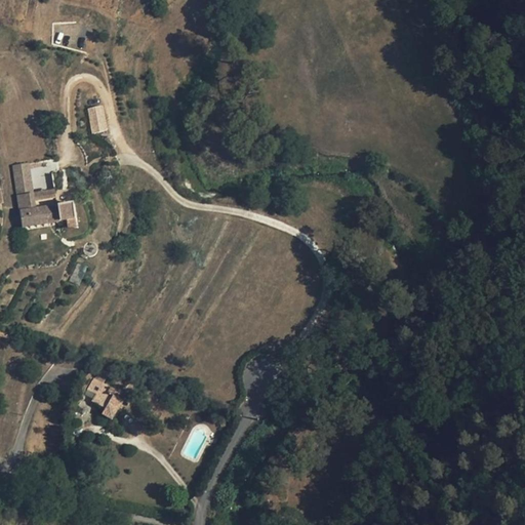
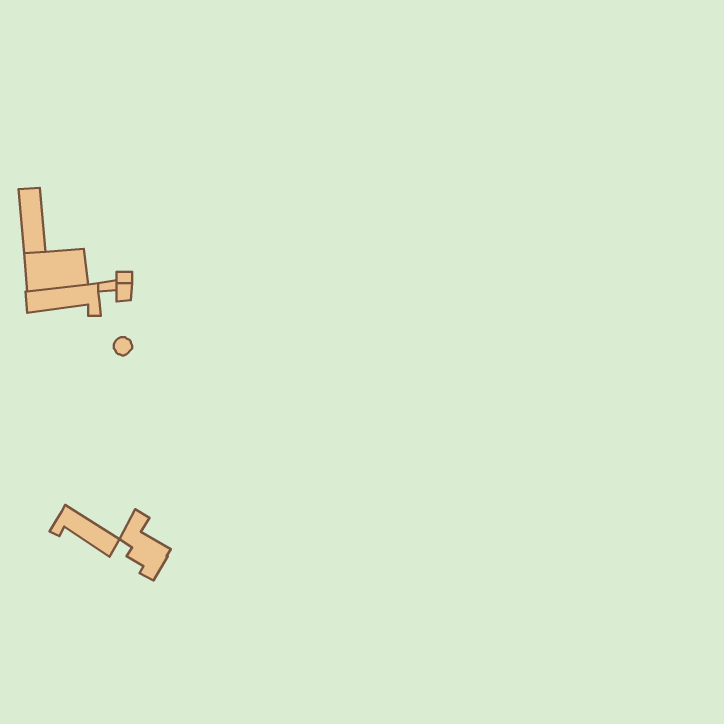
building: [85,107,106,135] -> none
building: none -> [49,505,119,557]

